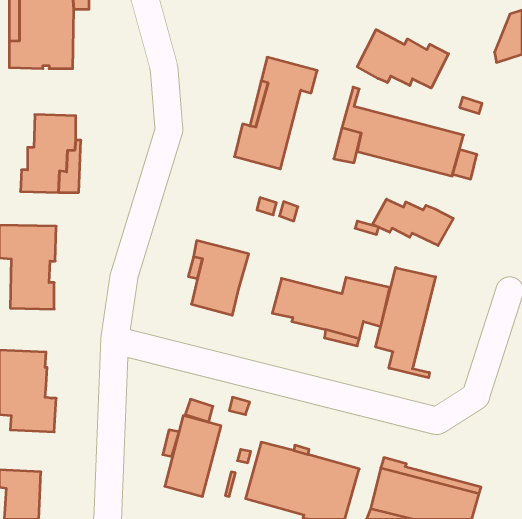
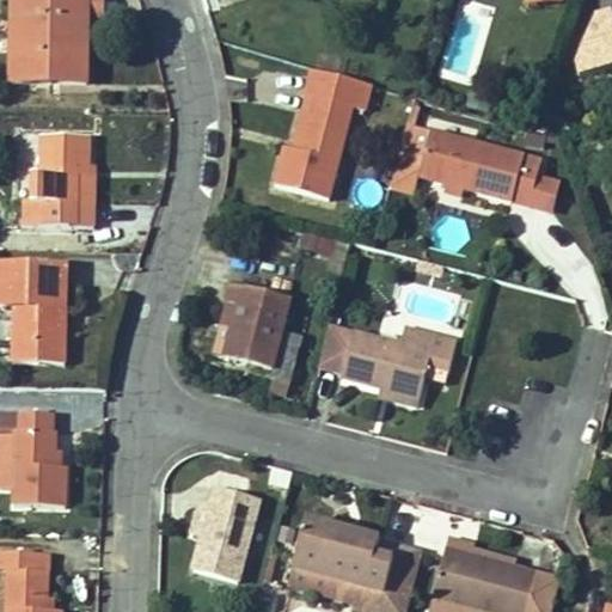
building: [357,30,449,88] -> none
building: [372,199,453,246] -> none
building: [376,267,436,378] -> none

